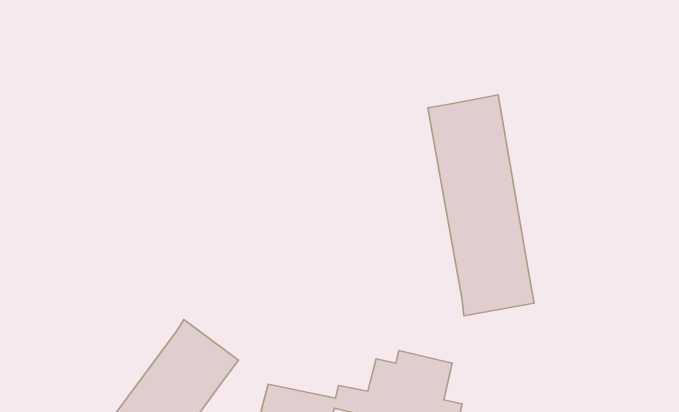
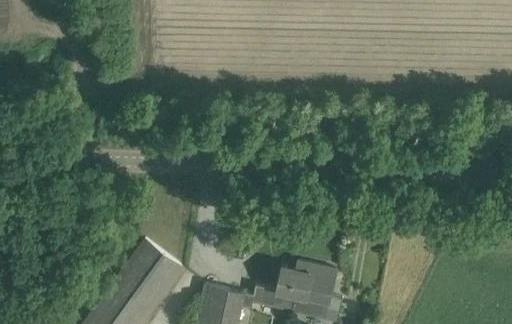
building: [428,95,534,316] -> none

